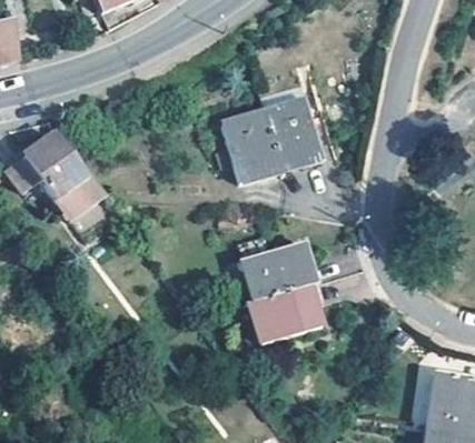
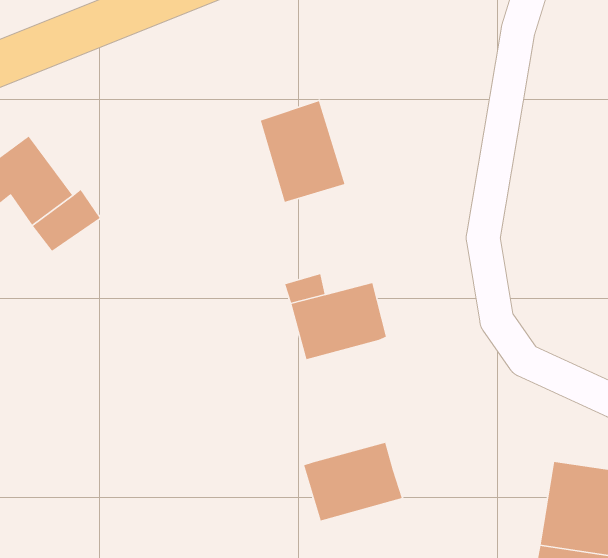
building: [264,98,323,171] -> none
building: [247,284,319,342] -> [303,442,403,521]

